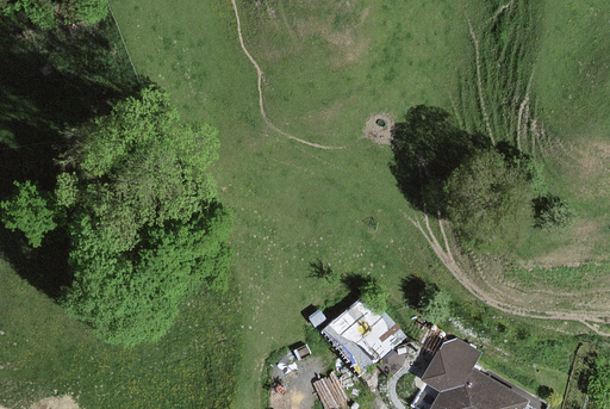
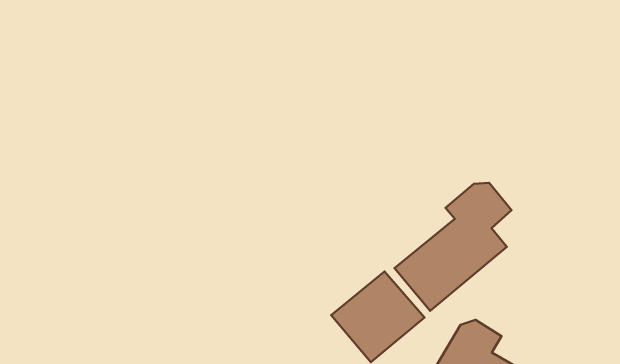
building: none -> [395,183,512,311]

